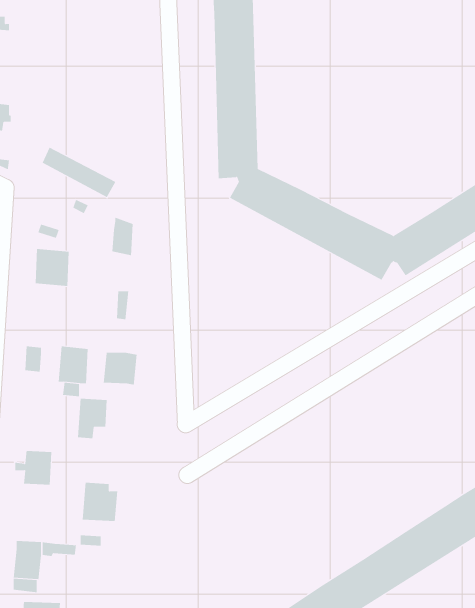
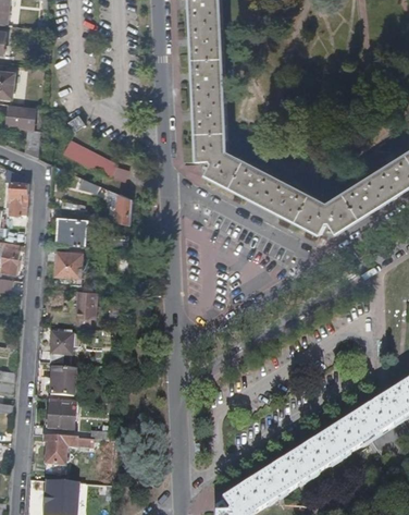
building: none -> [55,250,84,284]
building: [103,352,137,385] -> none
building: [77,398,108,439] -> [49,332,72,363]
building: [82,482,118,521] -> [47,398,74,428]

